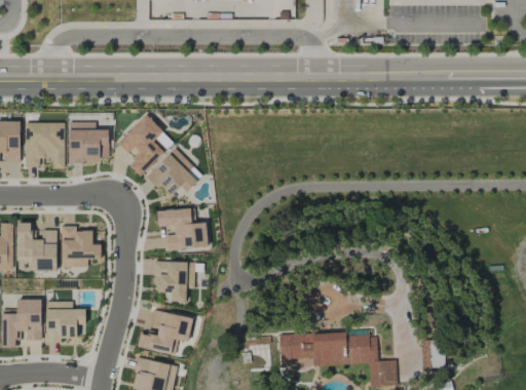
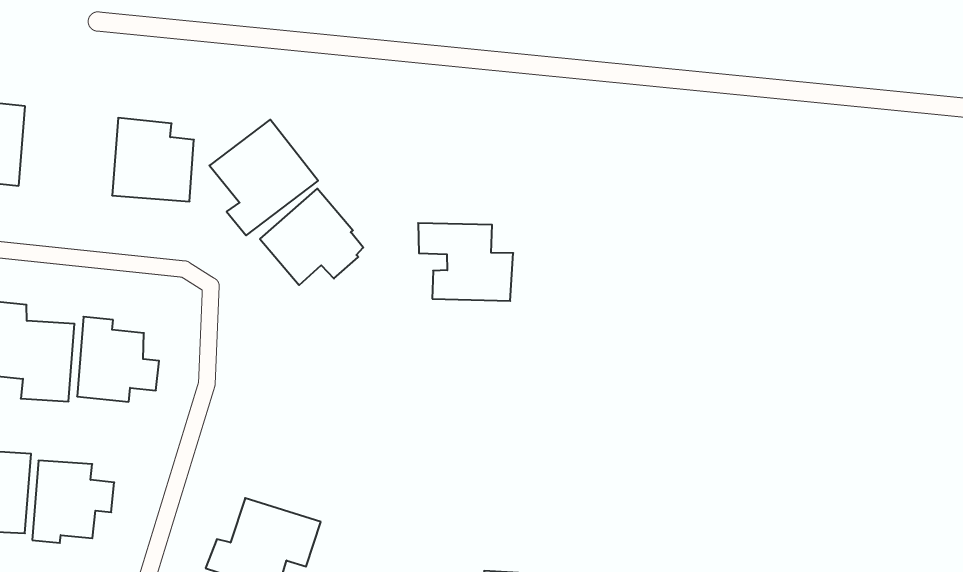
building: [25,122,65,168] -> none
building: [156,208,208,249] -> [418,223,513,301]
building: [154,262,201,302] -> none

